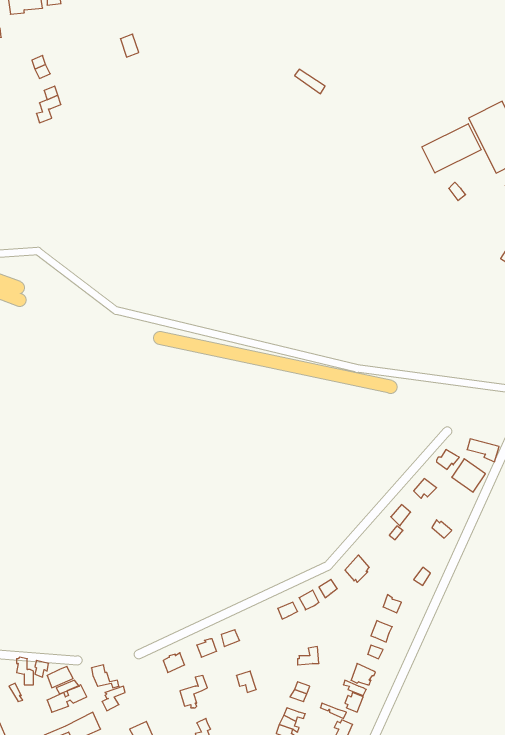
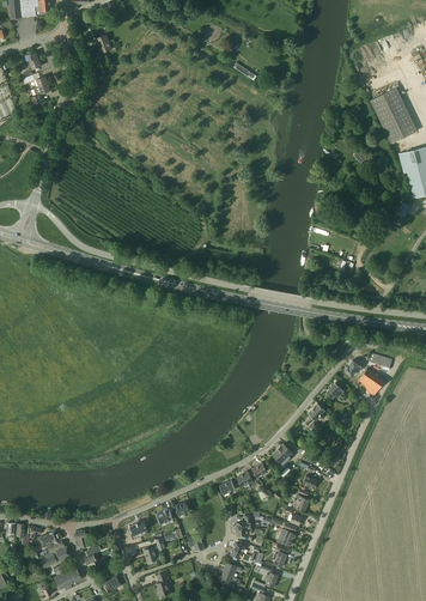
building: [422,124,481,173] -> none

